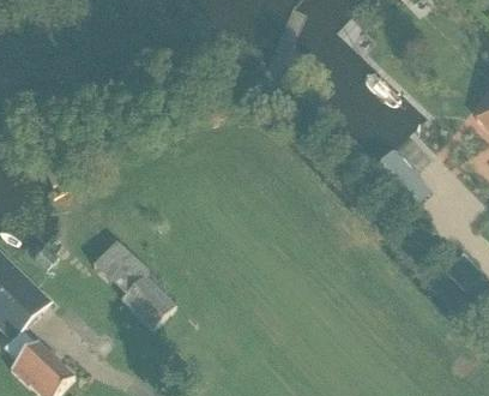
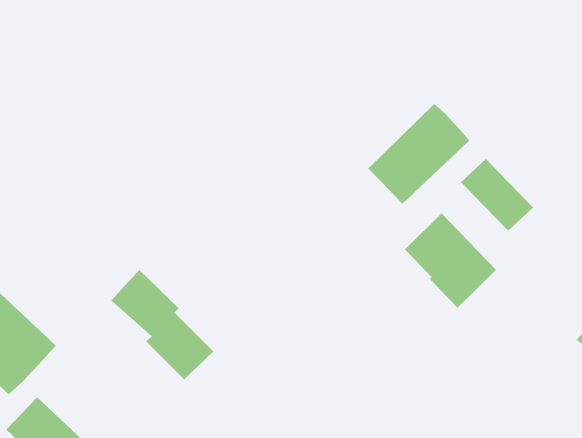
building: none -> [368,103,470,205]
building: none -> [404,213,497,308]

